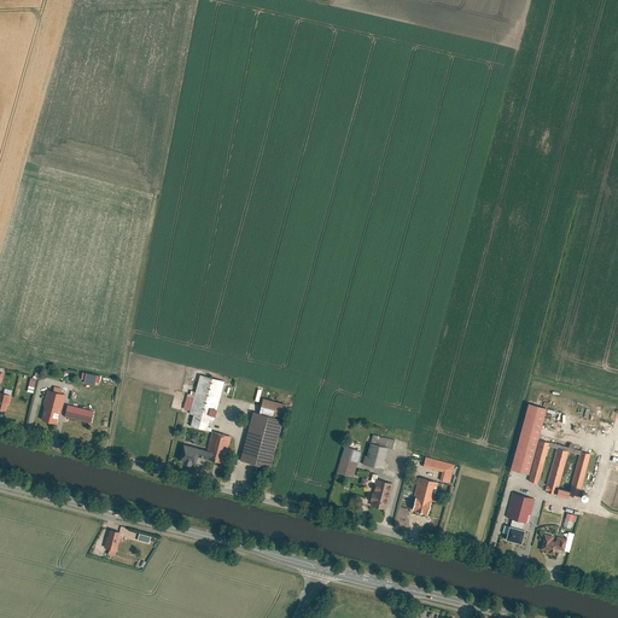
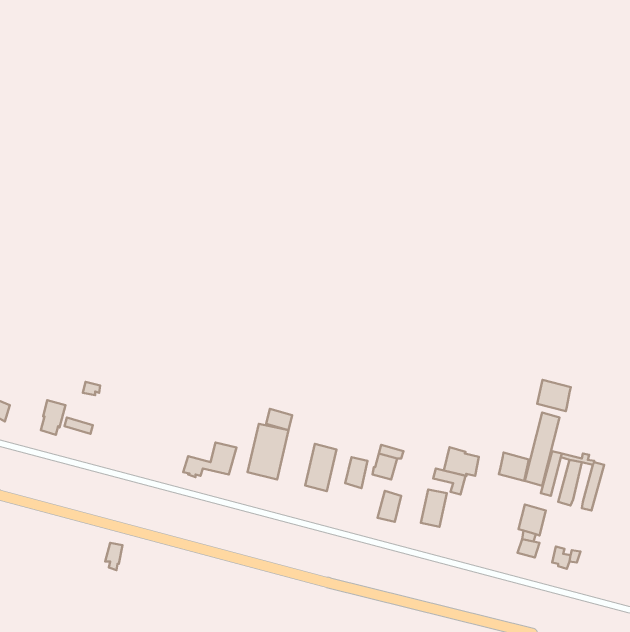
building: none -> [537,380,571,411]
building: [190,375,222,432] -> none
building: none -> [305,444,336,491]
building: none -> [444,447,479,476]
building: none -> [499,453,529,481]

